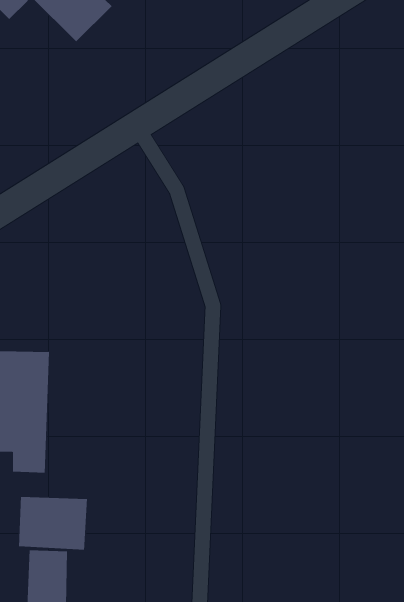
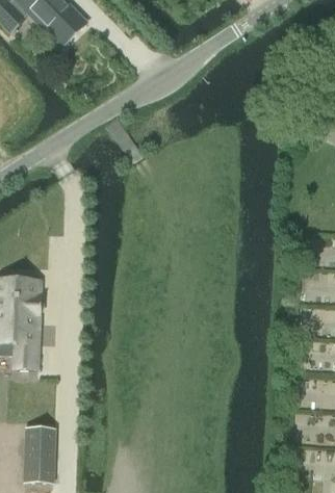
building: [19,496,88,551] -> none

